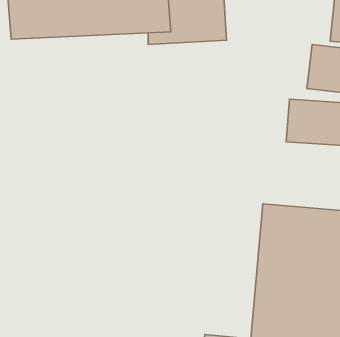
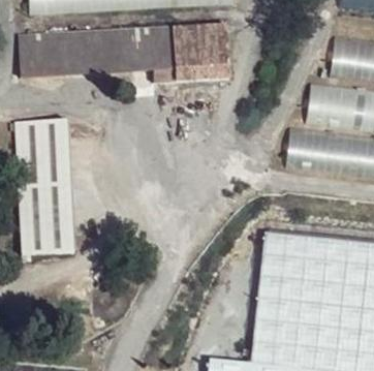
building: none -> [17,118,74,254]

